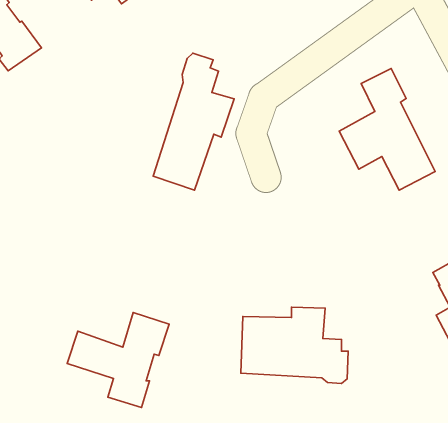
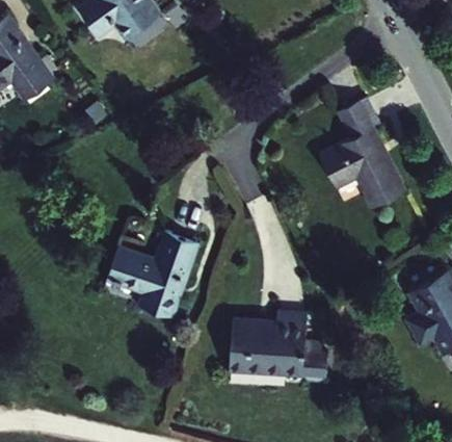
building: [153,53,234,190] -> none
building: [67,313,169,407] -> [109,234,201,319]

